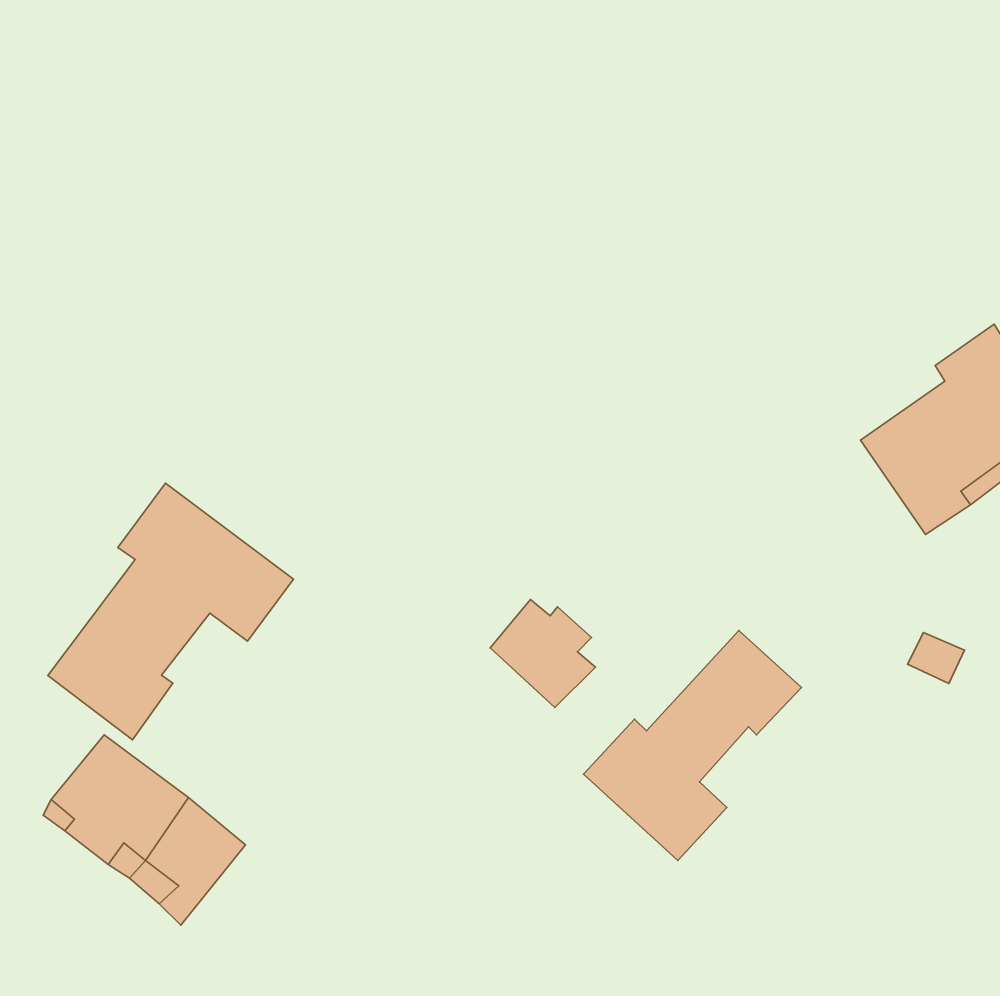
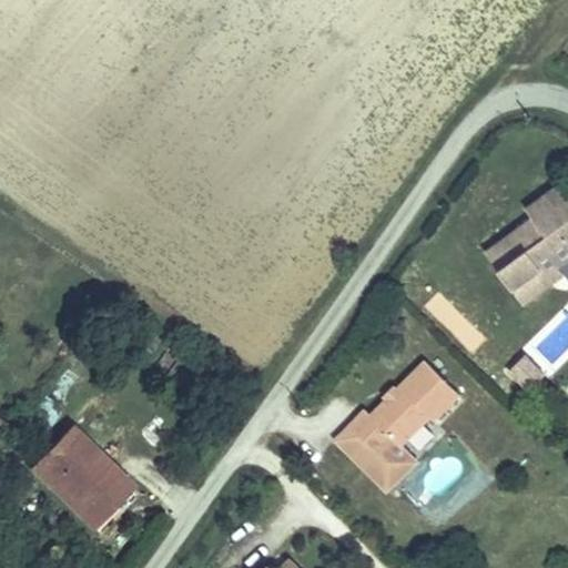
building: [48,483,294,740] -> none
building: [490,599,595,707] -> none

